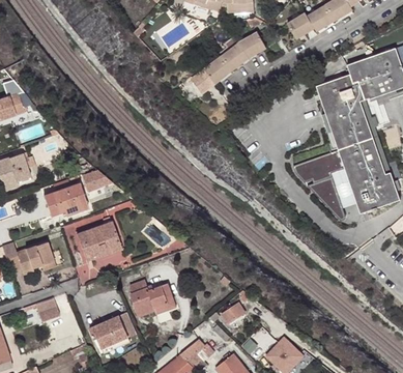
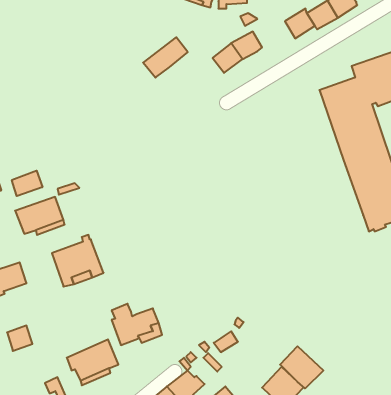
building: [191,57,231,93] -> [143,37,188,78]
building: [292,149,356,221] -> none
building: none -> [12,171,42,196]
building: none -> [280,346,323,388]

